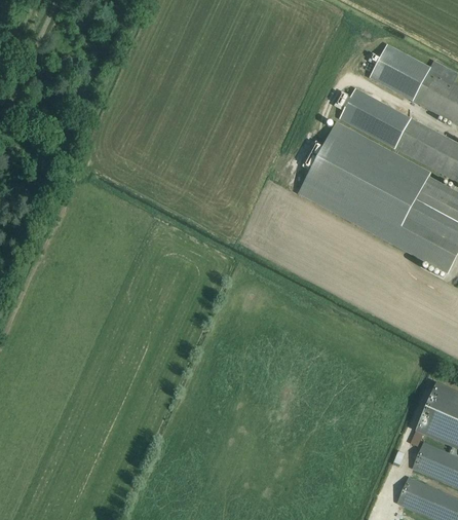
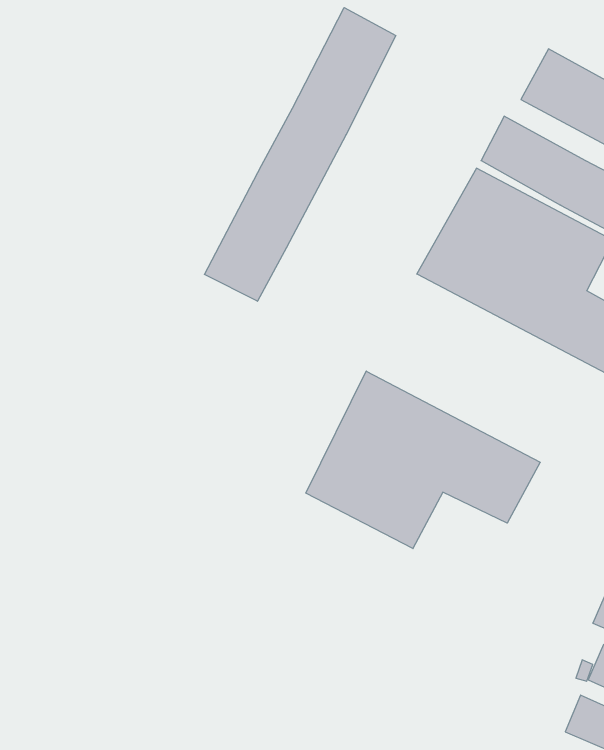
building: none -> [204,8,396,301]
building: none -> [306,371,540,549]

